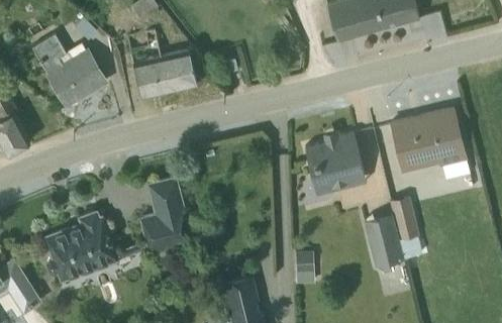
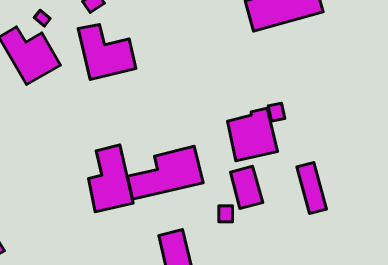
building: [389,110,464,172] -> none
building: none -> [128,146,203,199]
building: [43,212,118,284] -> none
building: [365,214,403,264] -> [231,166,263,209]

